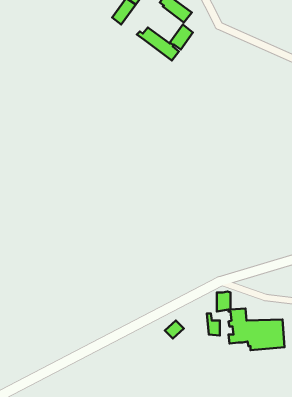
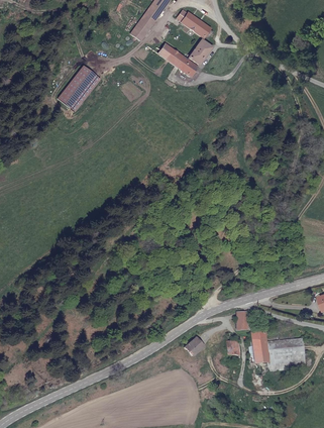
building: none -> [56,66,98,111]

